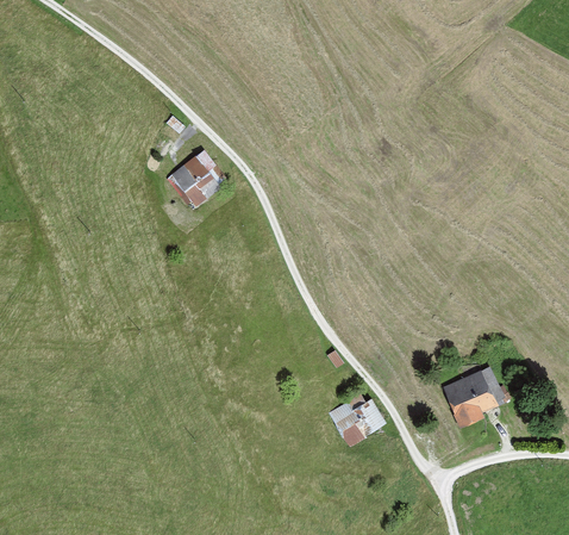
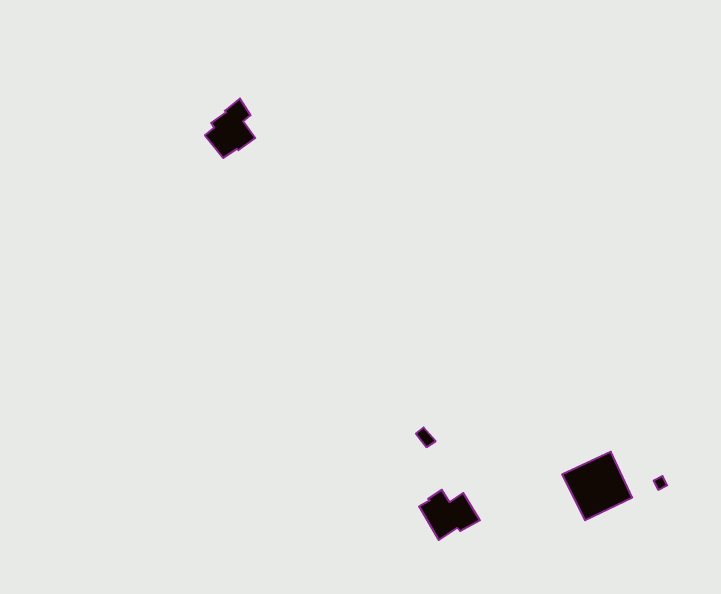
building: [179,153,218,199] -> [205,98,255,158]

